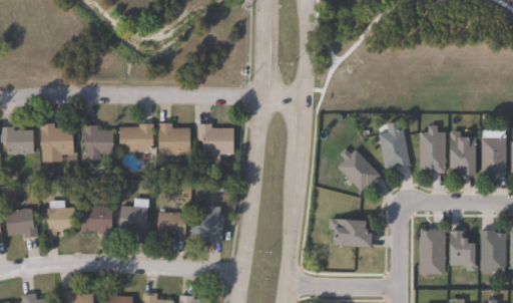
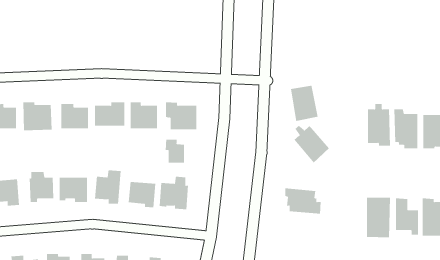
building: [379,129,410,170] -> [290,85,318,121]
building: none -> [165,139,185,164]

